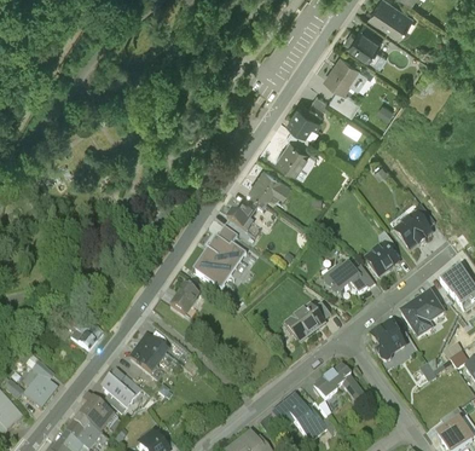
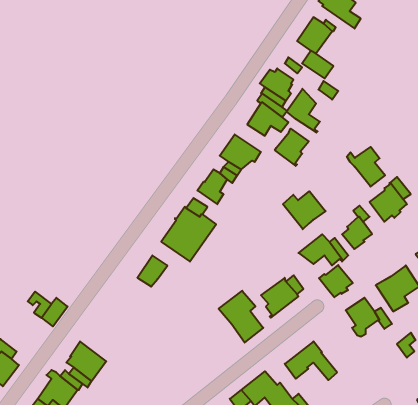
building: none -> [287,89,320,133]
building: none -> [275,129,309,166]
building: none -> [347,147,385,187]
building: none -> [283,191,326,229]
building: none -> [319,265,353,297]
building: none -> [219,291,263,343]
building: [131,333,167,368] -> none

